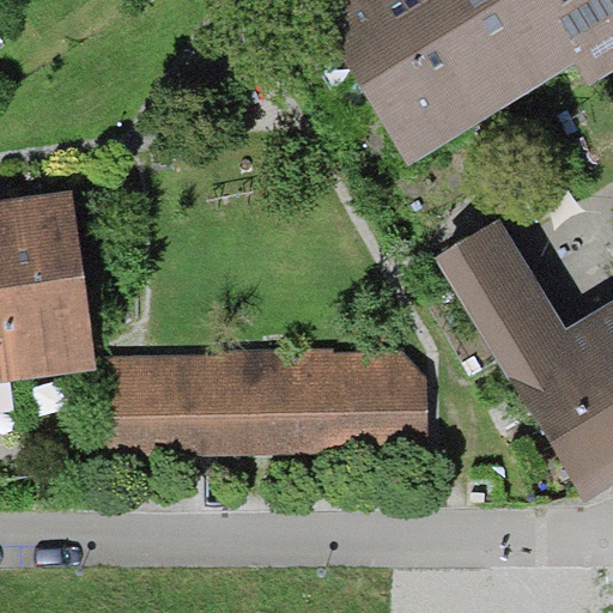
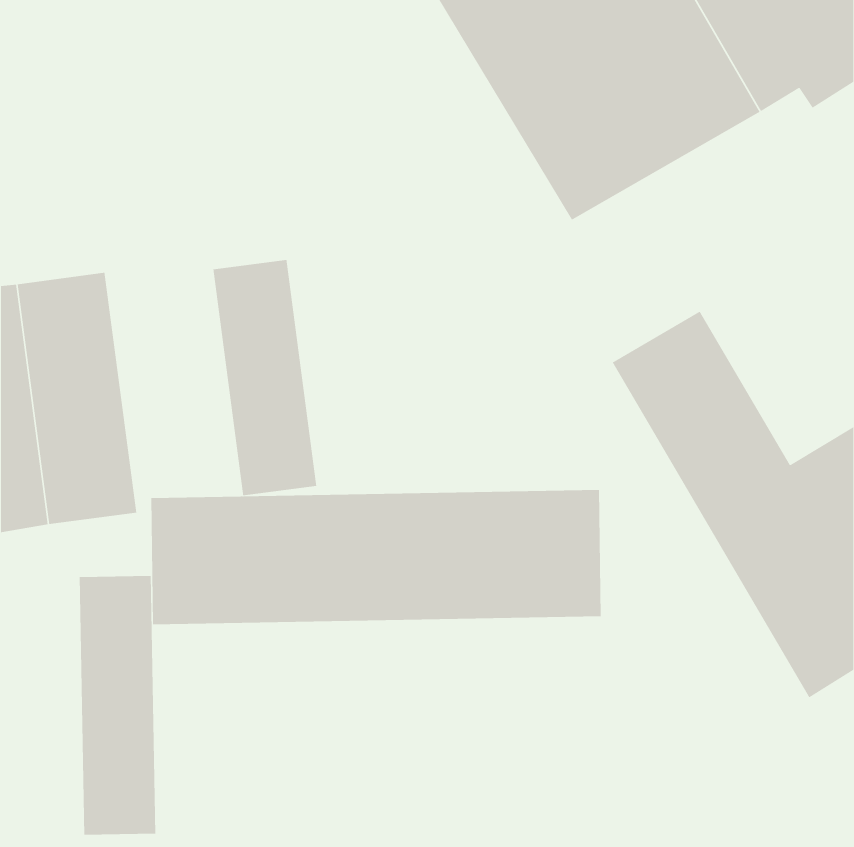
building: none -> [213,259,317,496]
building: none -> [79,575,156,836]

